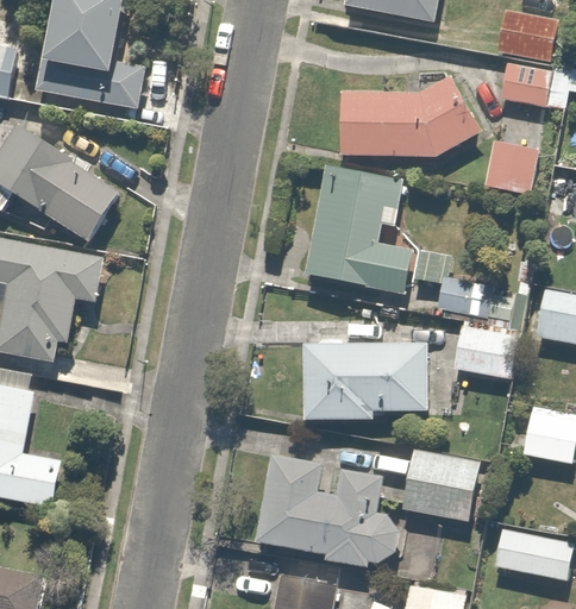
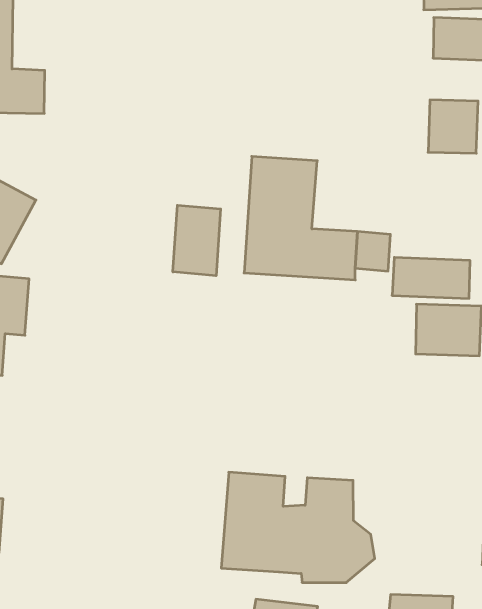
building: [340,76,487,156] -> none
building: none -> [173,205,221,276]
building: [303,343,427,420] -> none
building: [402,448,480,521] -> none

